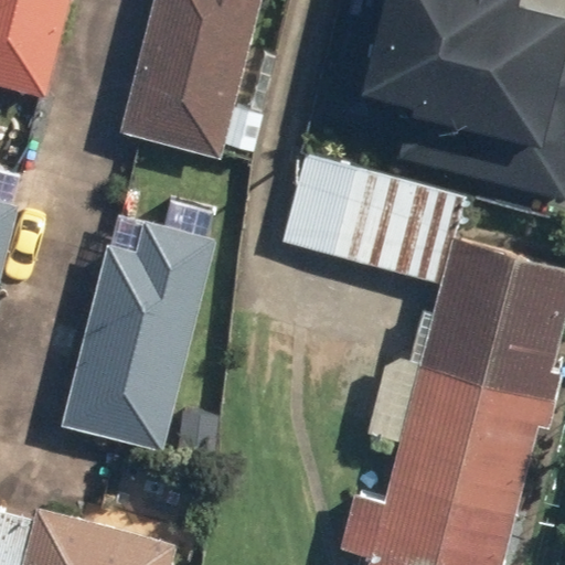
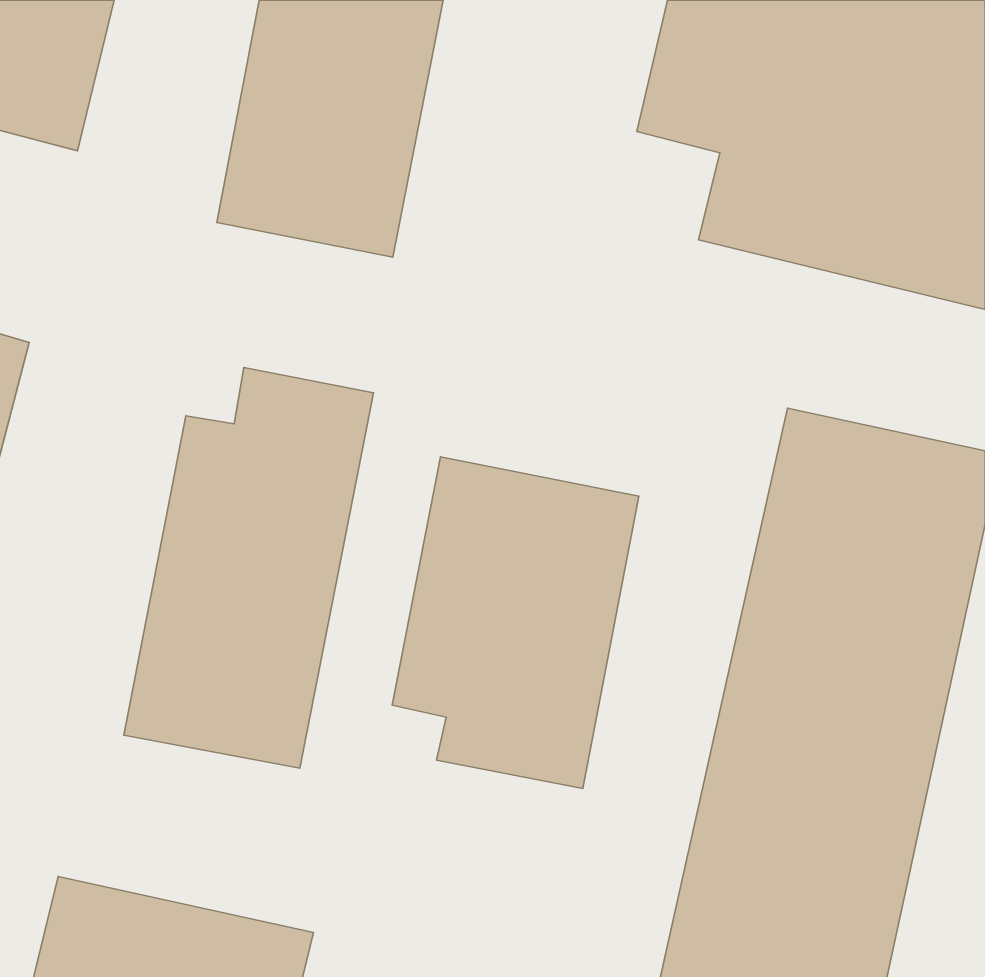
building: [269,156,452,273] -> none
building: none -> [392,457,639,789]

